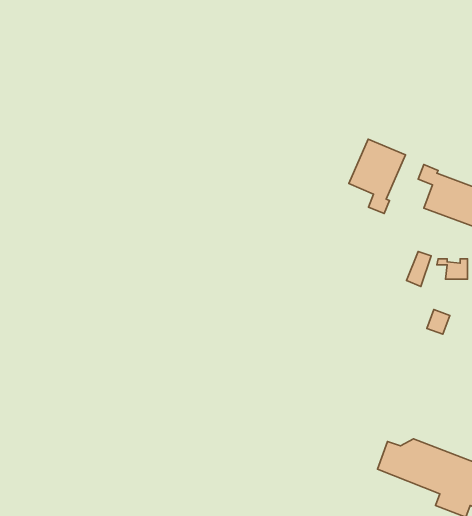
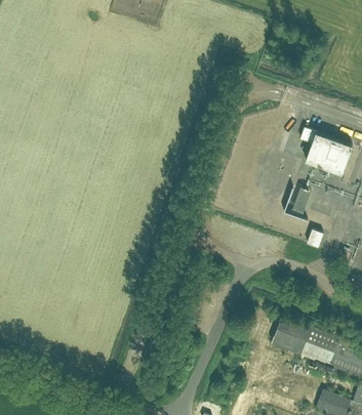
building: [349,139,405,213] -> none

